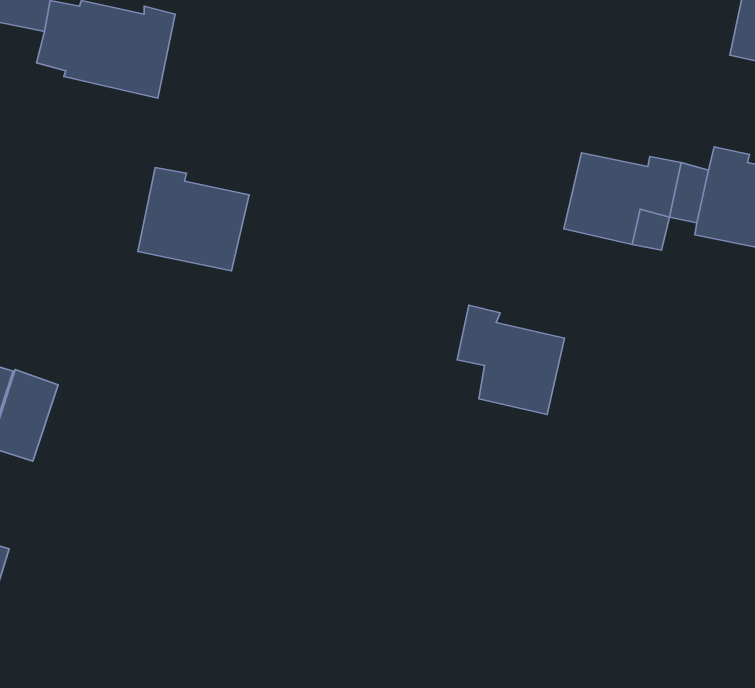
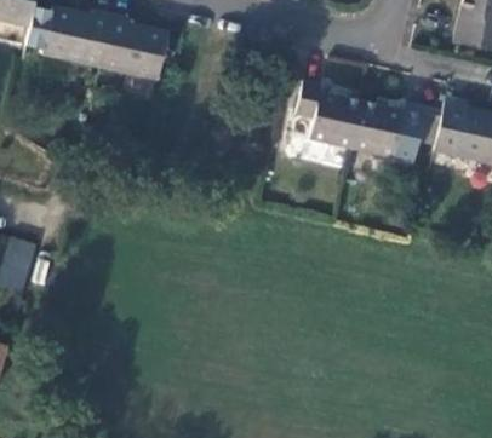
building: [138,167,249,271] -> [99,15,168,79]
building: [457,305,565,414] -> [296,80,362,148]

